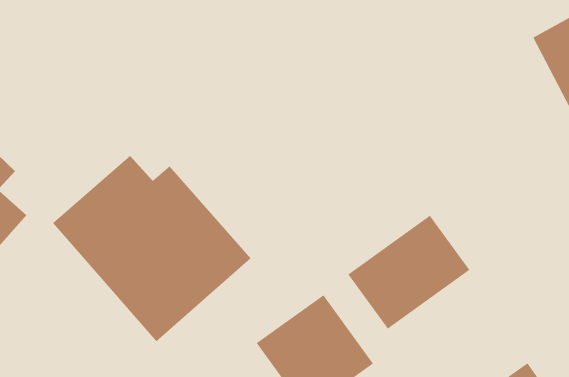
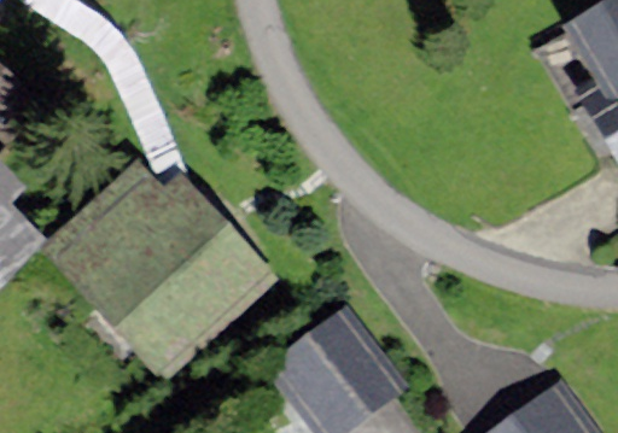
building: [348,215,470,329] -> none

